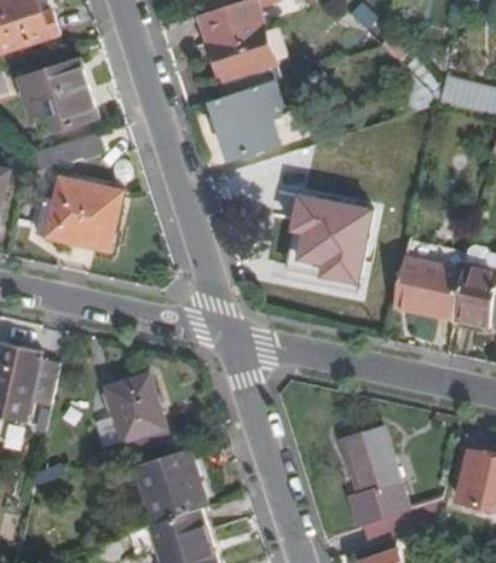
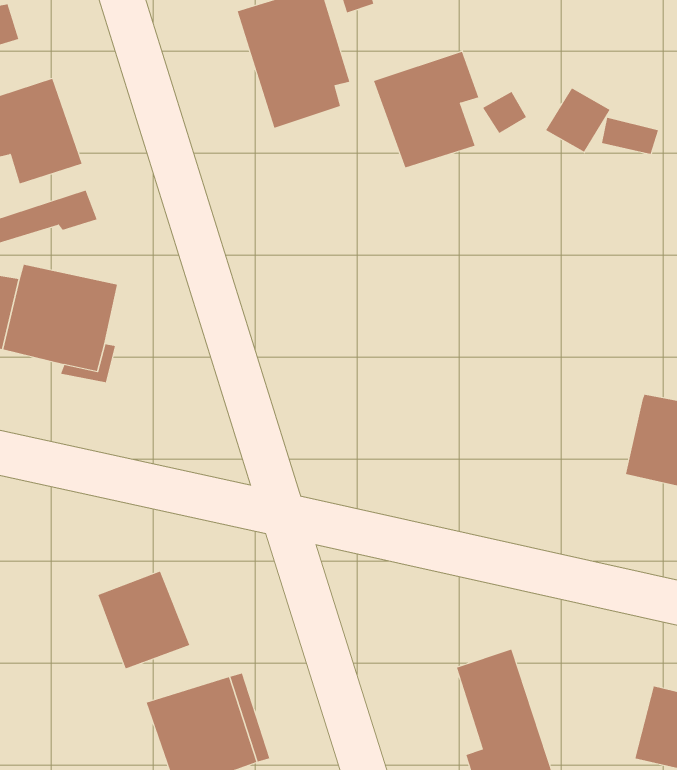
building: [213,77,282,153] -> [373,51,479,168]
building: [283,196,373,295] -> none
building: [393,254,462,317] -> none

